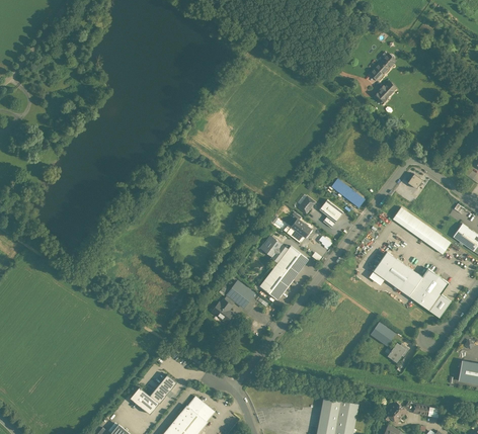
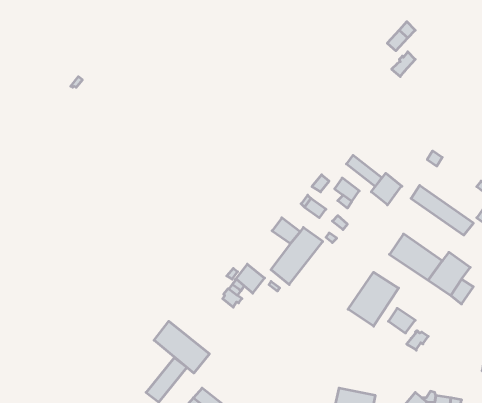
building: none -> [371,173,402,205]
building: none -> [348,272,399,326]
building: none -> [154,321,209,373]

